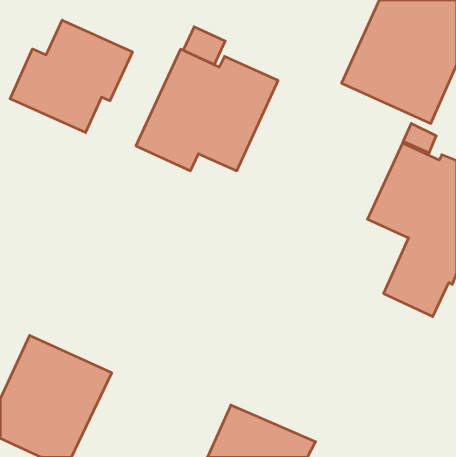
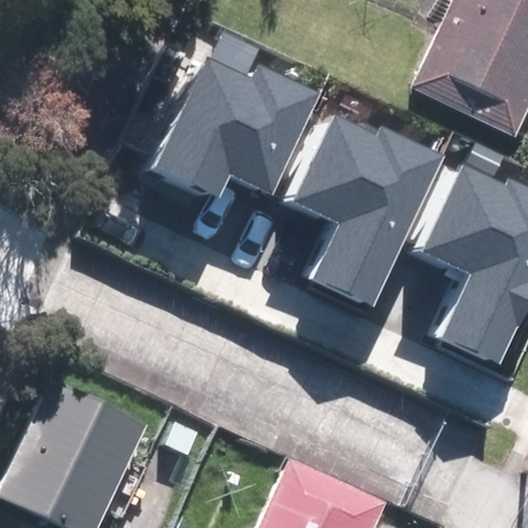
building: [10,20,132,133] -> none
building: none -> [295,114,447,306]

